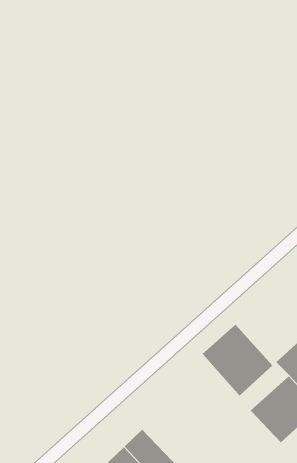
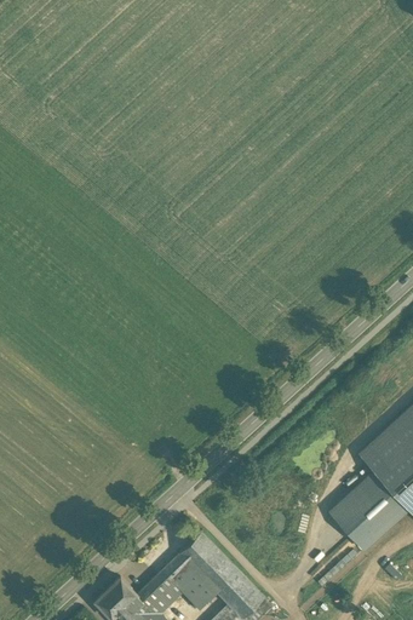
building: [202,324,273,396] -> none

